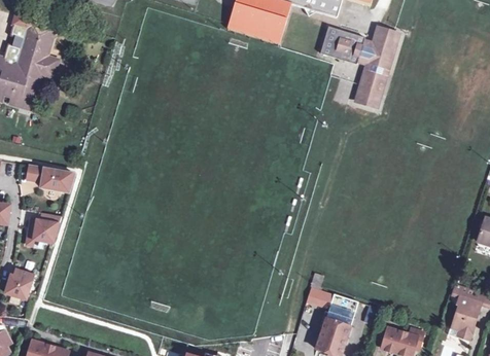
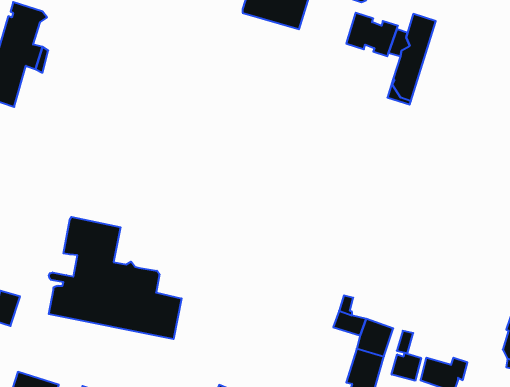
building: [27,166,73,191] -> none
building: none -> [49,217,182,339]
building: [26,214,60,244] -> none
building: none -> [392,353,421,381]

